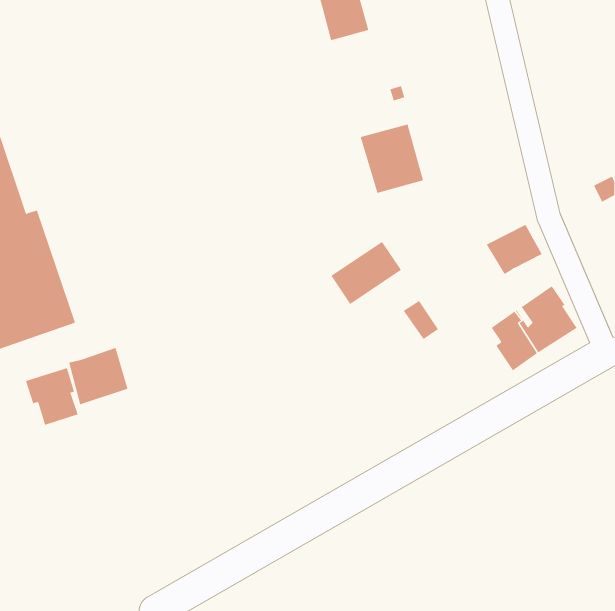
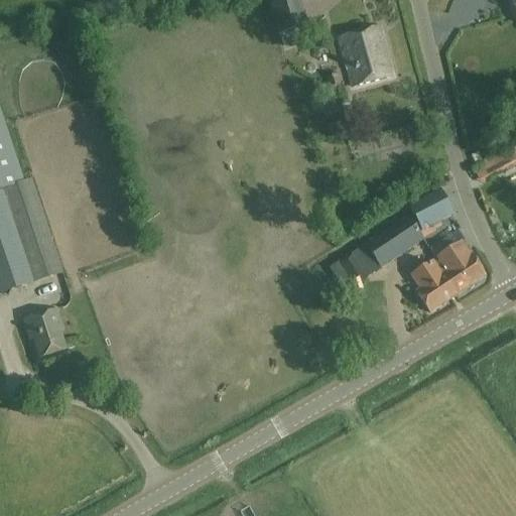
building: [360,124,424,194] -> [338,25,391,84]
building: [331,241,402,305] -> [364,213,423,266]
building: [68,347,128,405] -> none

